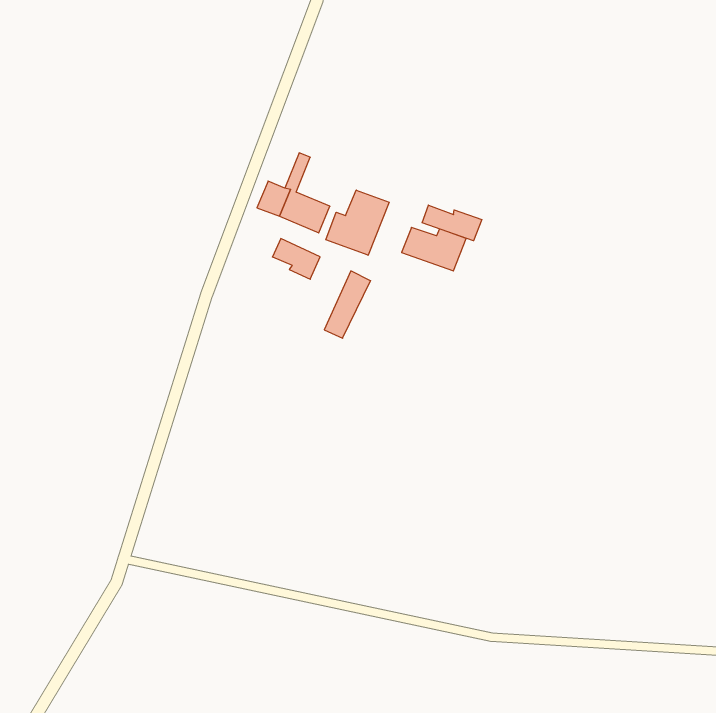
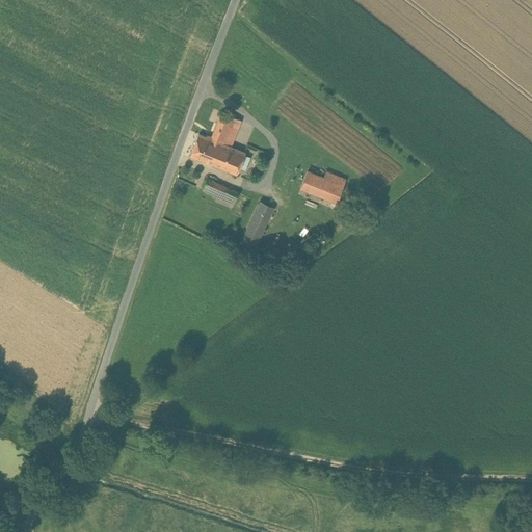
building: [326,190,389,255] -> none
building: [422,205,482,241] -> none

